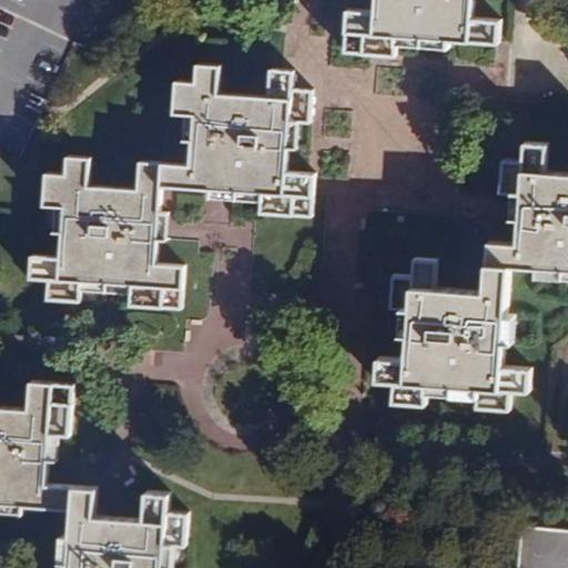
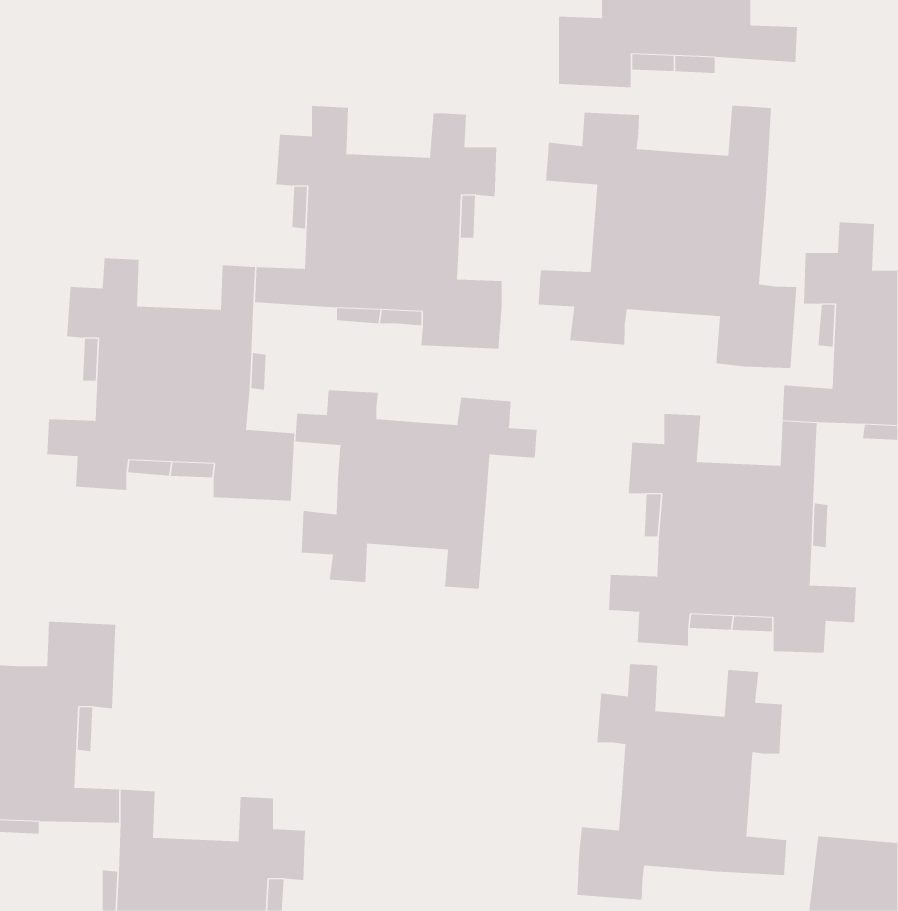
building: none -> [538,105,797,369]
building: none -> [295,389,537,589]
building: none -> [577,663,787,900]

